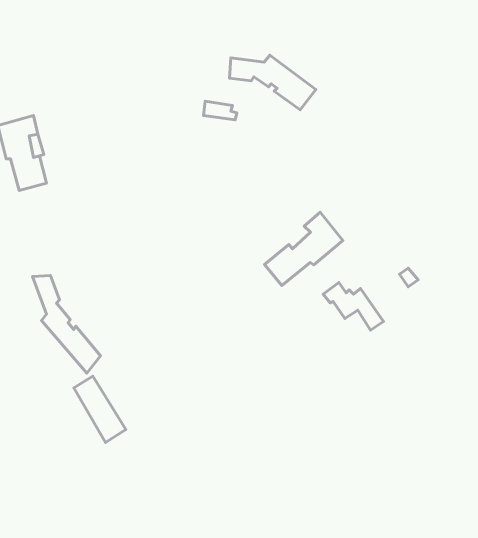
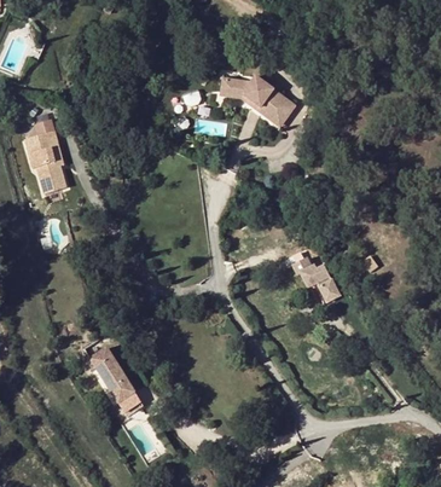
building: [265,212,343,286] -> none
building: [33,275,100,373] -> none

